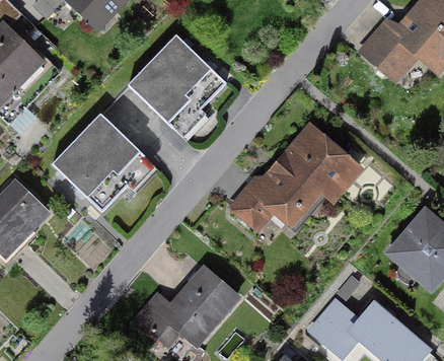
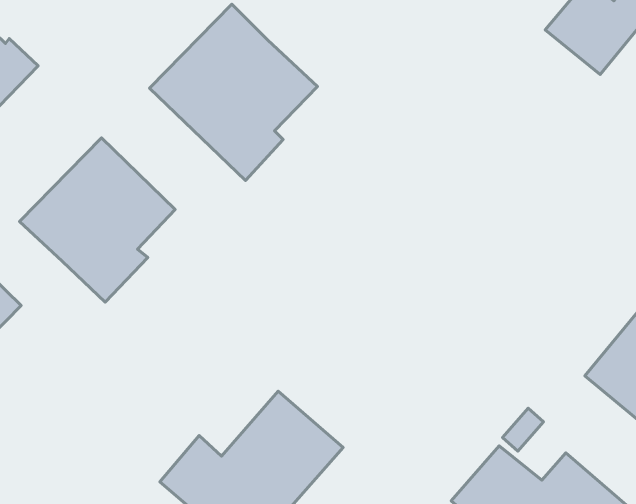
building: [228,122,364,232] -> none

